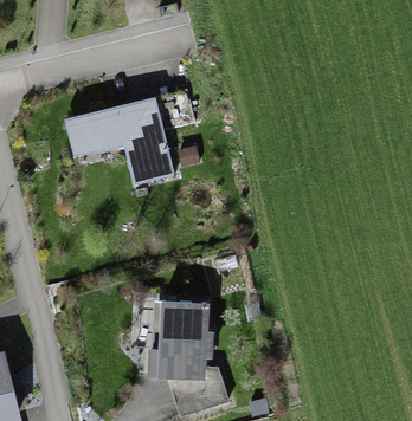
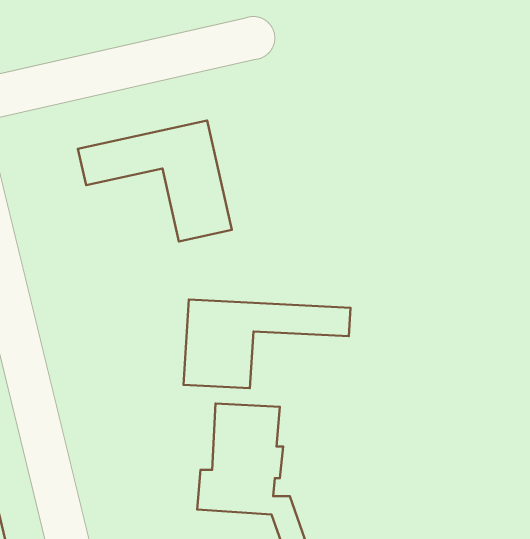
building: none -> [183,300,351,388]

